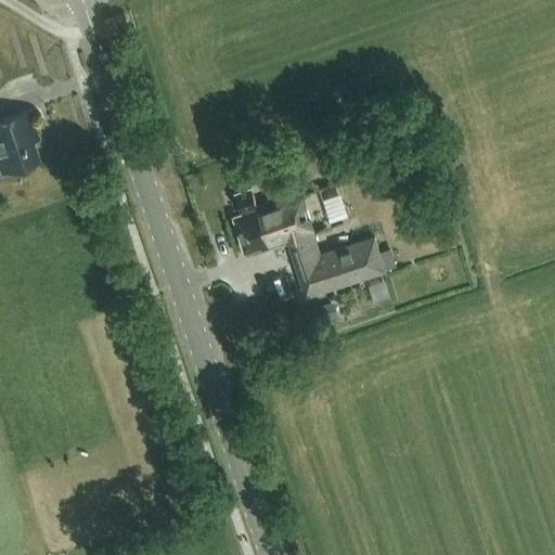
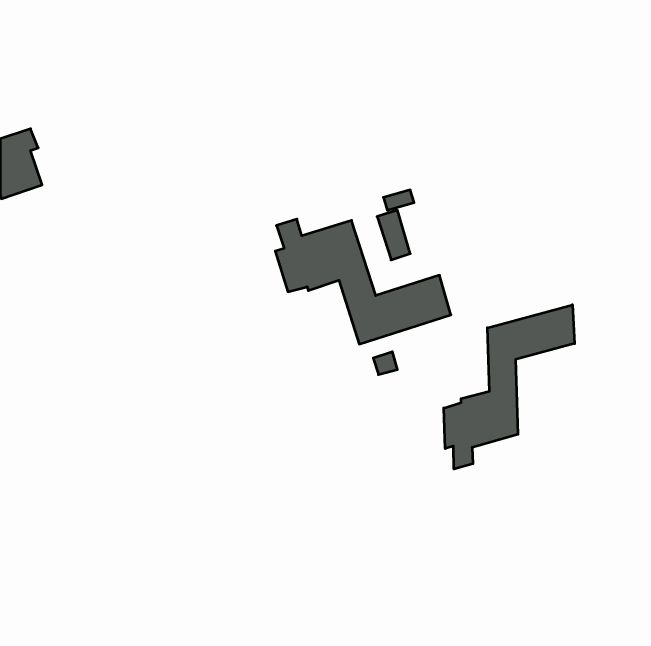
building: none -> [444,305,575,469]

